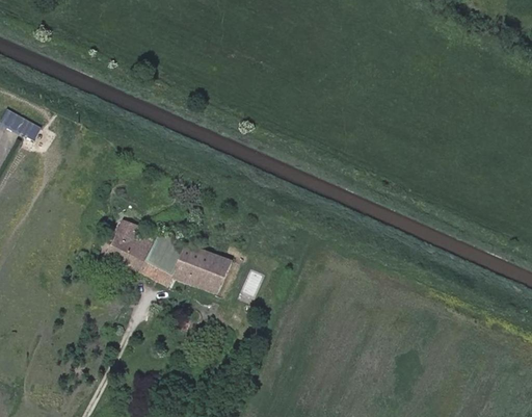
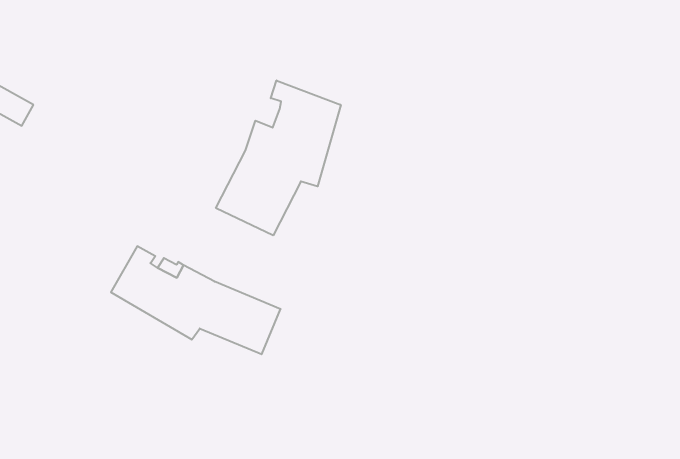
building: none -> [216,80,341,235]

